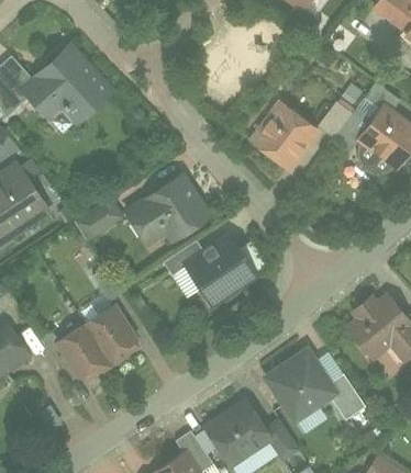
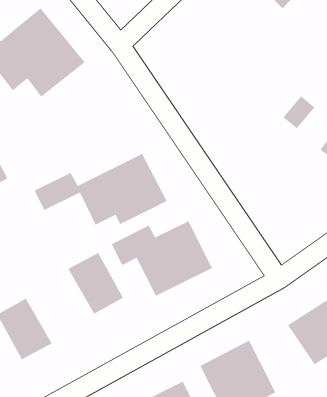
building: [242,104,315,177] -> none
building: [85,306,143,368] -> [67,252,124,315]

